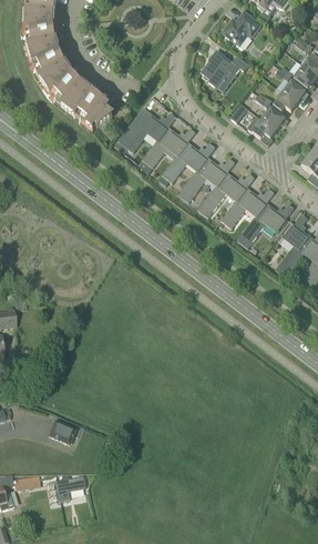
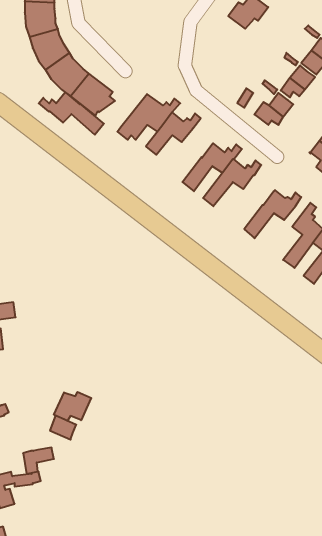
building: [202,50,249,88] -> none
building: none -> [39,92,104,135]
building: [162,141,216,182] -> none
building: [222,187,275,228] -> none
building: none -> [54,392,91,421]
building: [55,475,85,501] -> [23,448,54,474]

